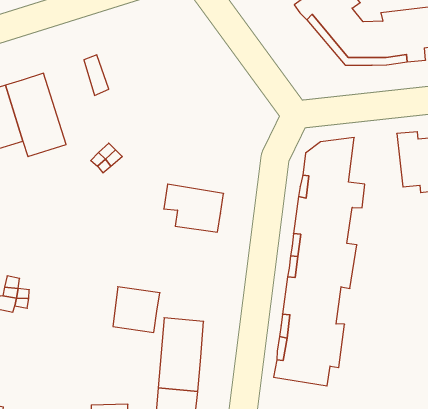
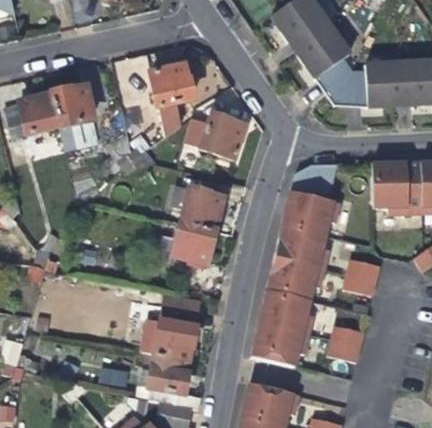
building: none -> [152,66,193,138]
building: none -> [187,115,246,158]
building: none -> [342,258,377,292]
building: [113,287,160,332] -> [175,222,216,262]
building: none -> [327,324,361,358]

